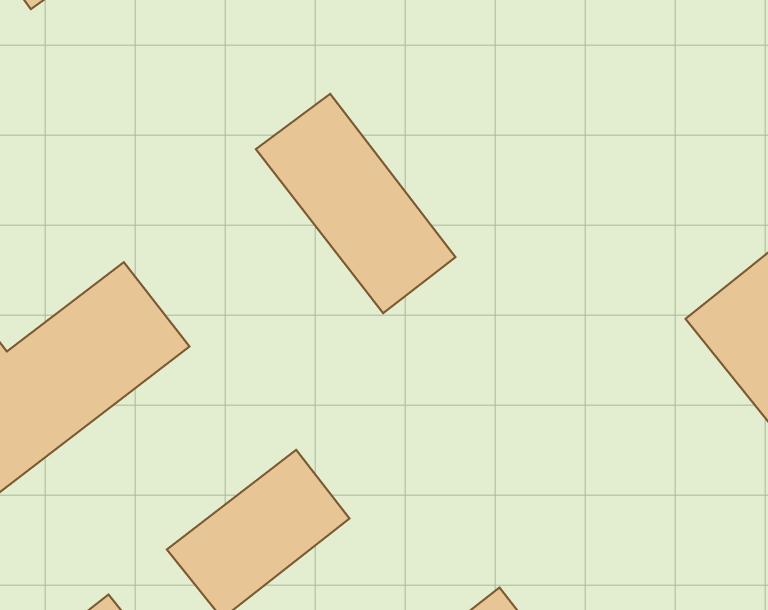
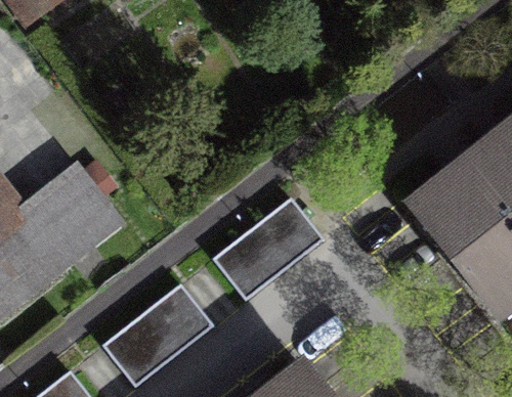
building: [256,94,455,313] -> none
building: none -> [215,201,324,301]

